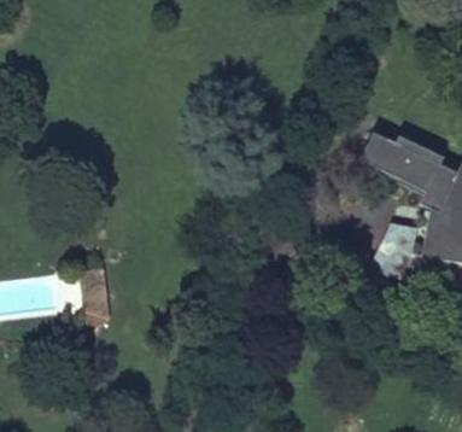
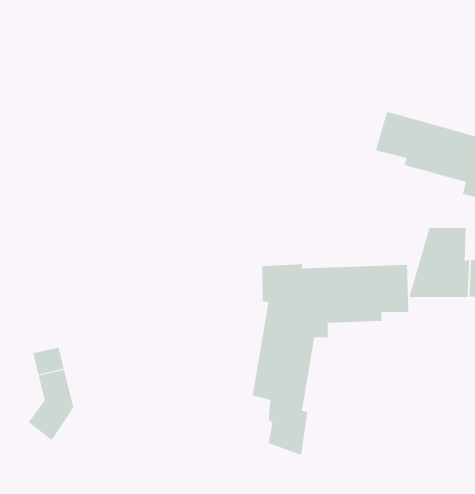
building: none -> [252,264,409,456]

